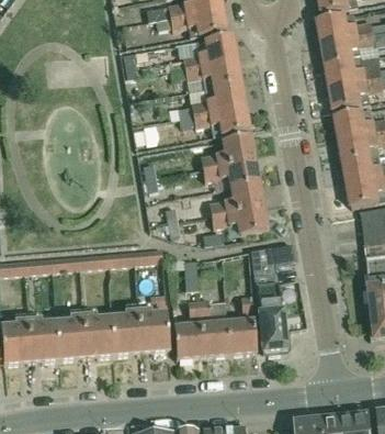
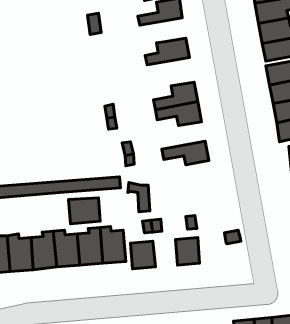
building: [184,58,239,88] -> none
building: [193,105,248,136] -> none
building: [208,182,262,215] -> none
building: [249,243,293,350] -> none
building: none -> [69,198,100,224]
building: [200,323,229,356] -> none

